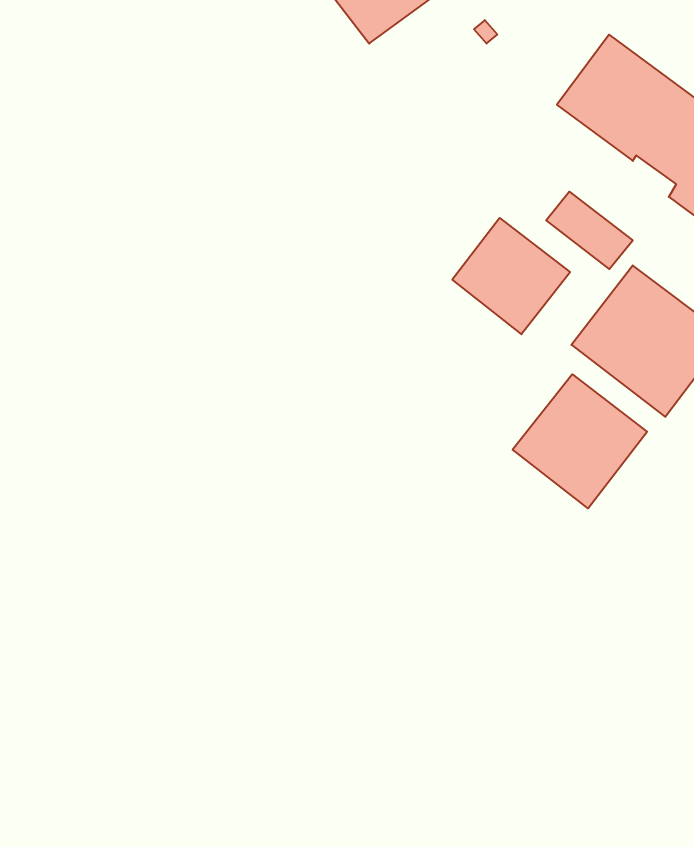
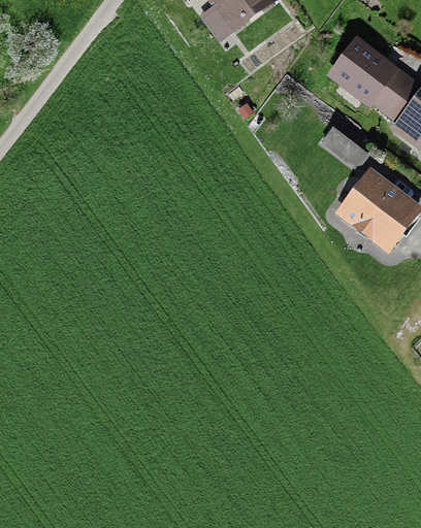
building: [452,218,570,334] -> none
building: [513,374,647,508] -> none

